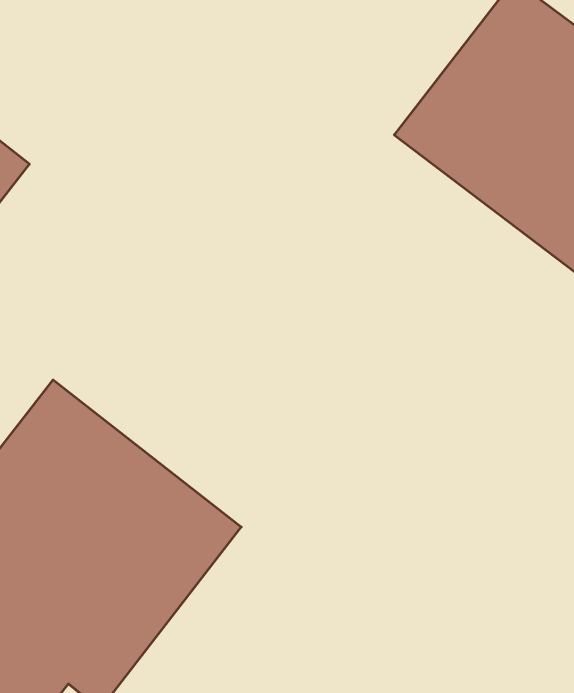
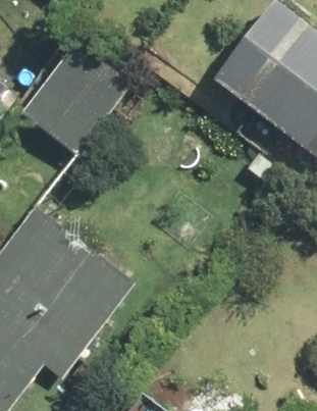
building: none -> [17,47,123,156]

